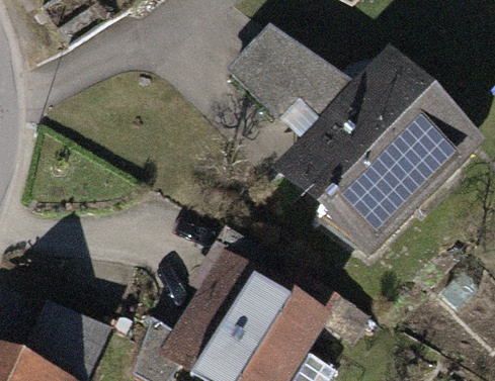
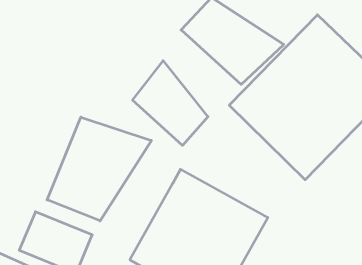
building: none -> [133,61,208,145]
building: none -> [47,117,151,221]

